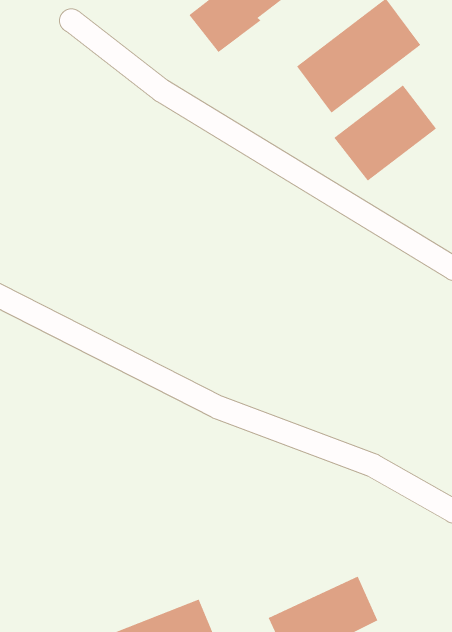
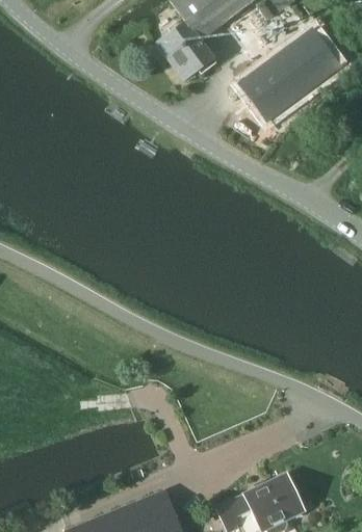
building: [333,85,437,182] -> none

